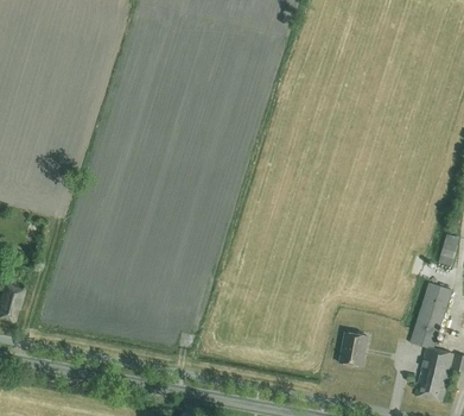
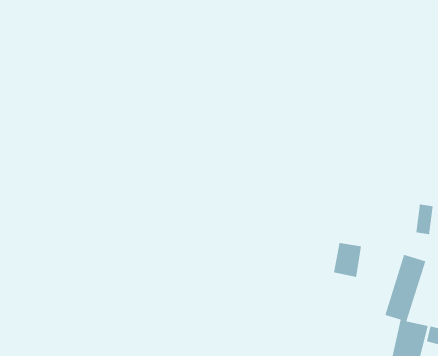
building: [338,332,367,366] -> [333,243,362,277]

